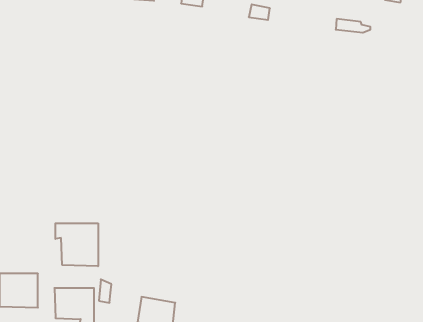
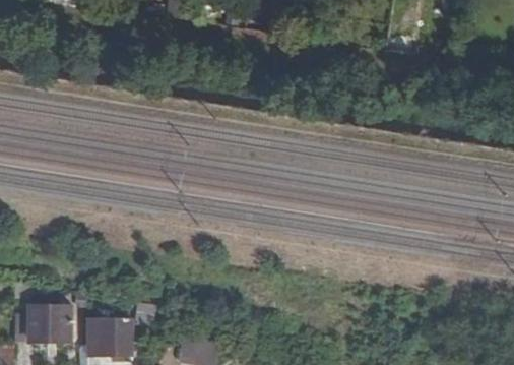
building: [55,223,98,266] -> none

